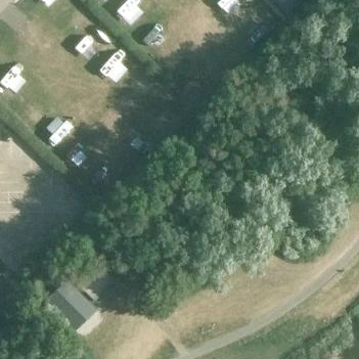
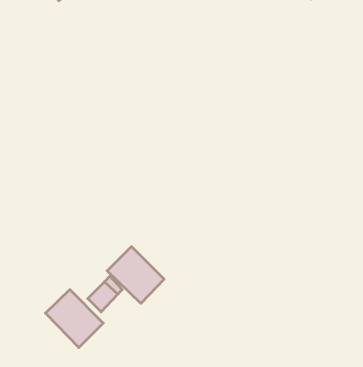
building: none -> [107,247,164,303]

